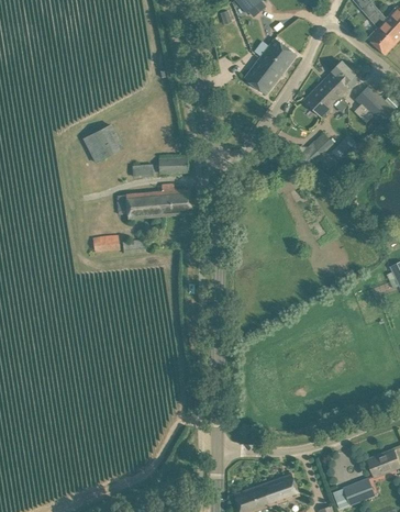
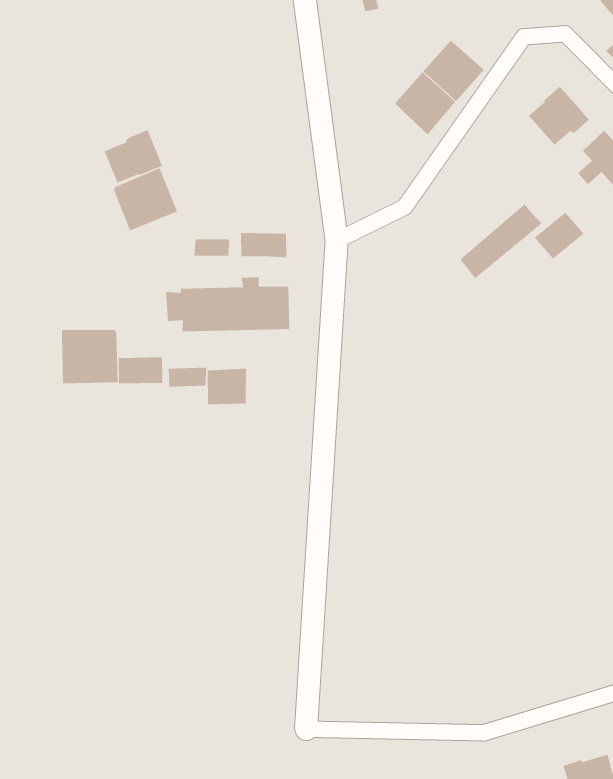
building: [304,80,346,116] -> none
building: none -> [104,129,163,183]
building: none -> [61,329,118,384]
building: none -> [207,368,247,405]

